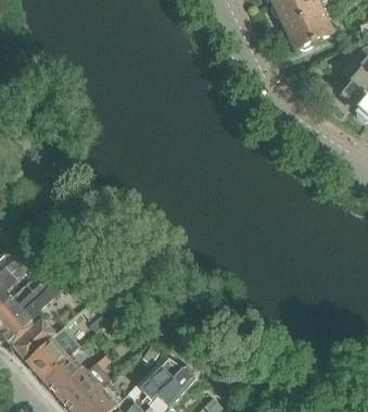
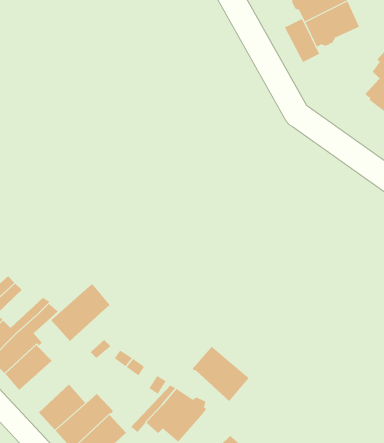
building: none -> [284,18,320,63]
building: none -> [192,346,250,402]
building: [26,327,80,380] -> [51,283,111,342]

